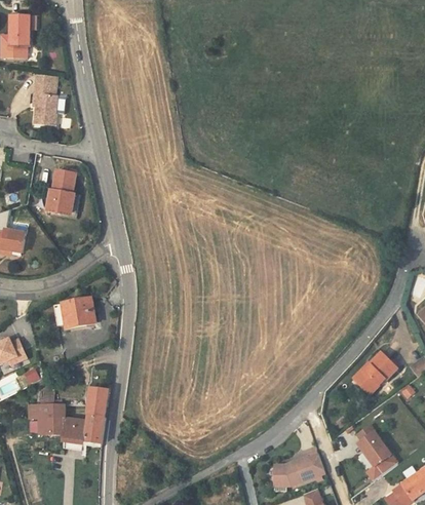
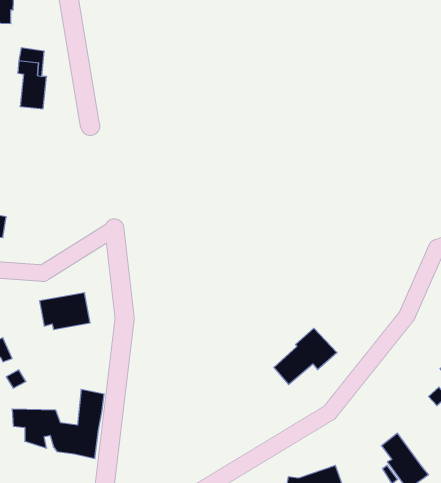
building: [49,171,75,211] -> none
building: [344,349,400,399] -> [274,328,337,385]

